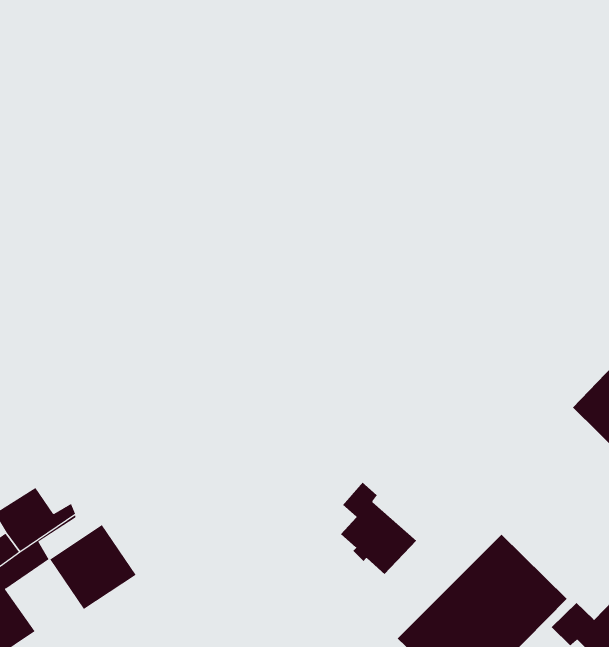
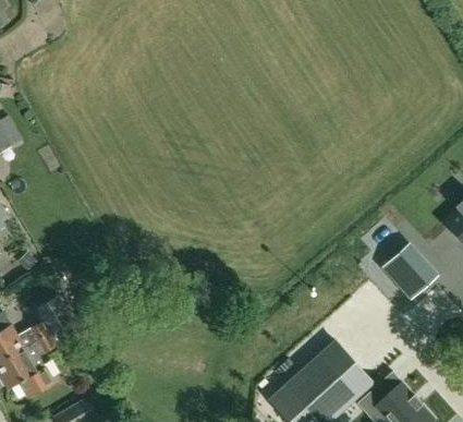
building: [340,482,417,575] -> none
building: [49,524,136,610] -> none

